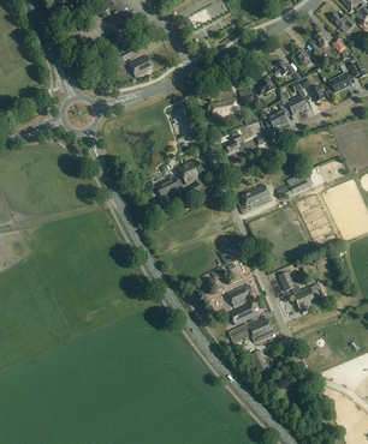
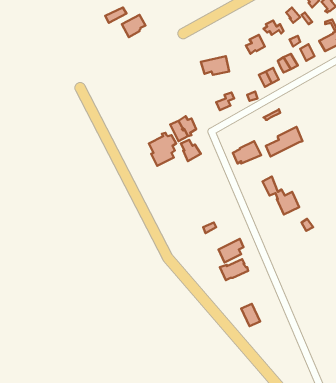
building: [278,271,315,310] -> [263,177,299,214]
building: [228,319,273,343] -> none

